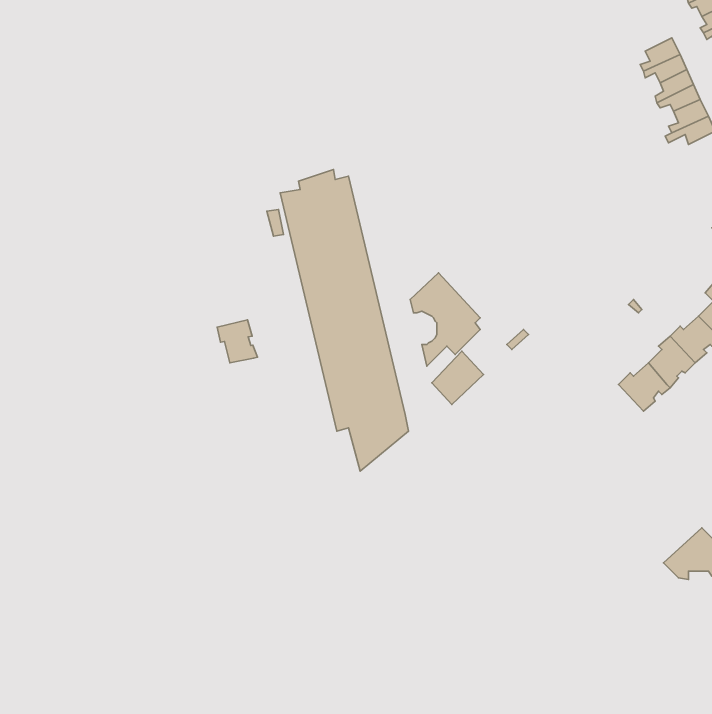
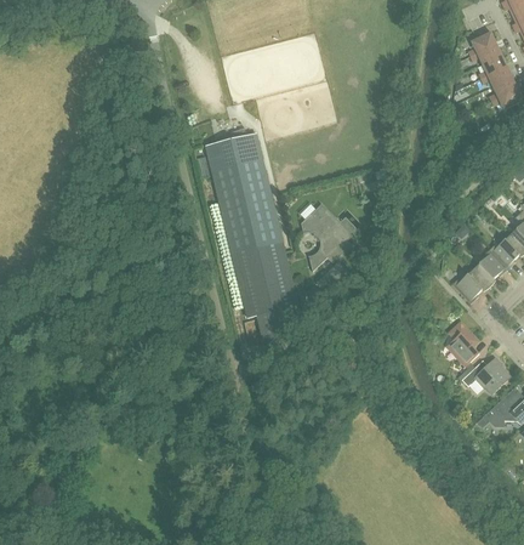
building: [217,320,258,363] -> none
building: none -> [448,320,479,364]
building: none -> [462,357,511,392]

